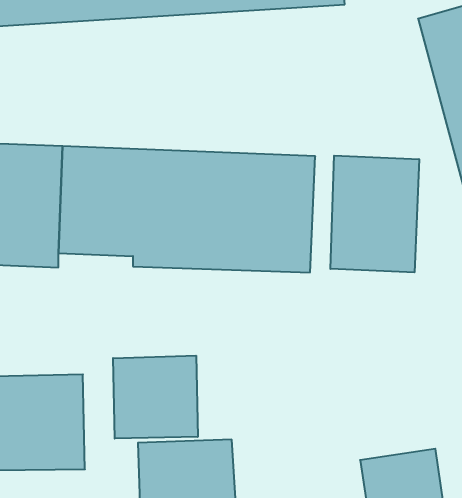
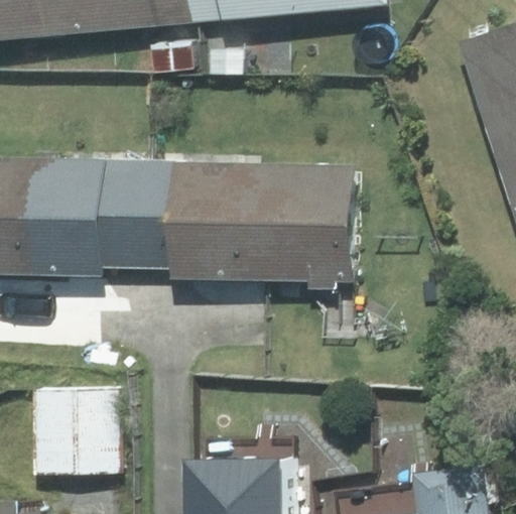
building: [330,156,419,272] -> none
building: [113,356,198,439] -> none

